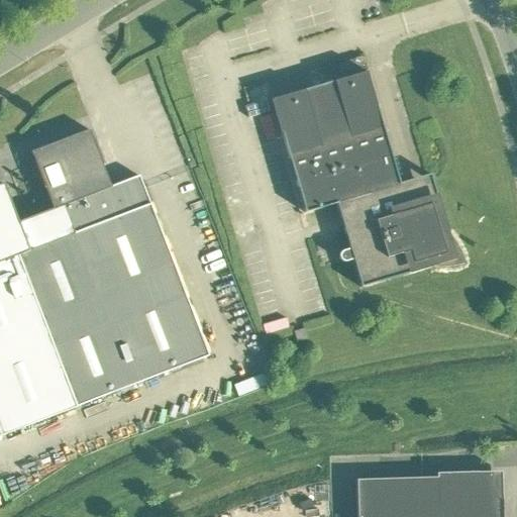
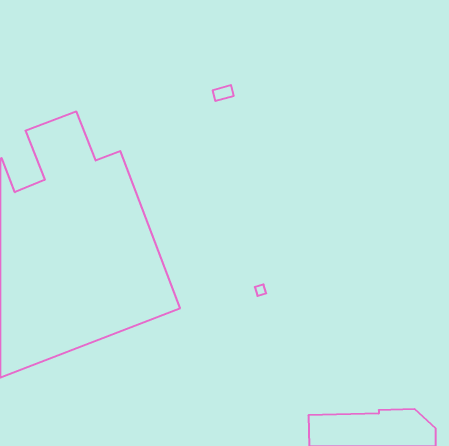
building: [271,70,464,286] -> none

